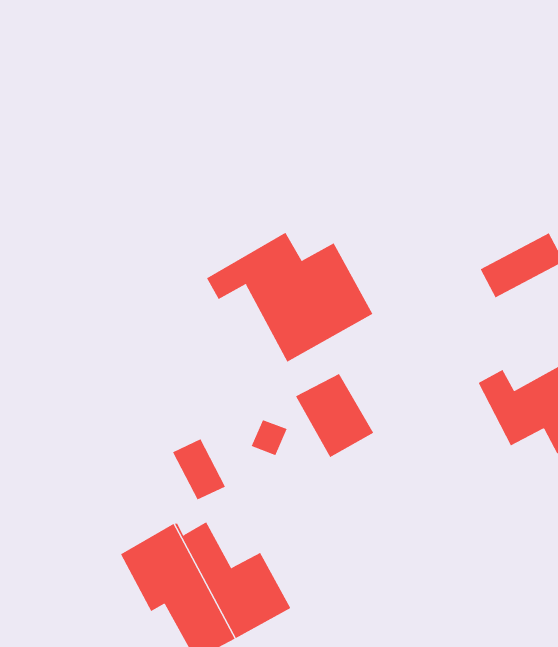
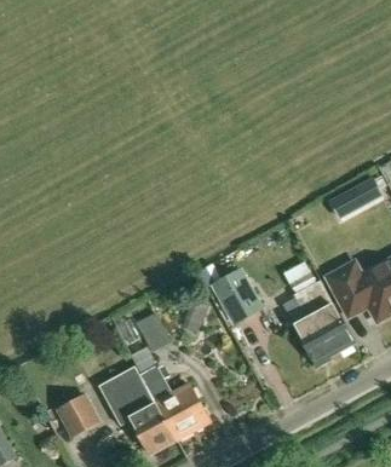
building: [206,232,373,362] -> none
building: none -> [293,279,355,362]
building: none -> [53,392,99,437]

